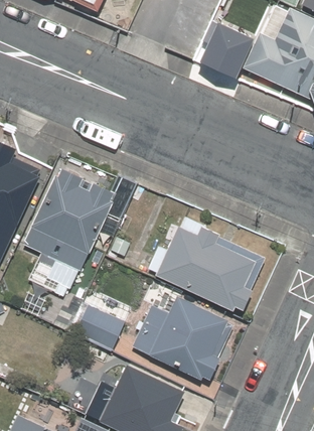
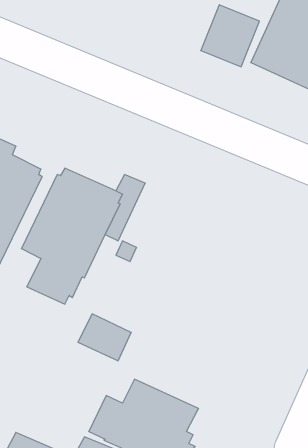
building: [148,226,267,311] -> none
building: [132,295,234,381] -> none

